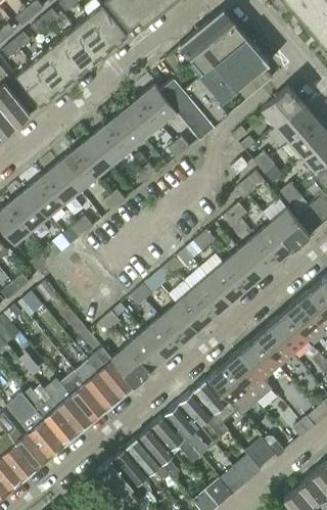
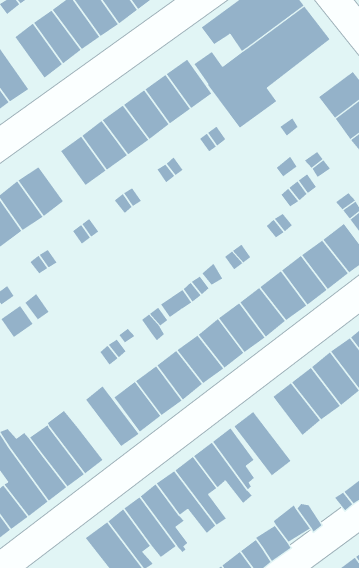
building: [42,165,80,204] -> none
building: [225,351,272,401] -> none
building: [76,362,121,409] -> none

